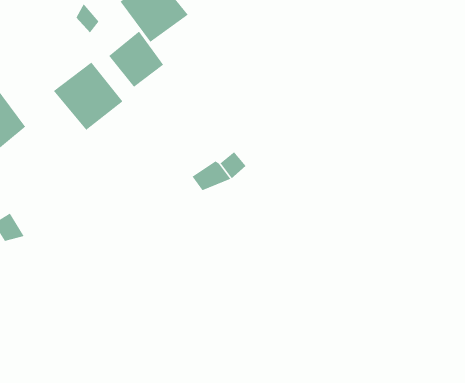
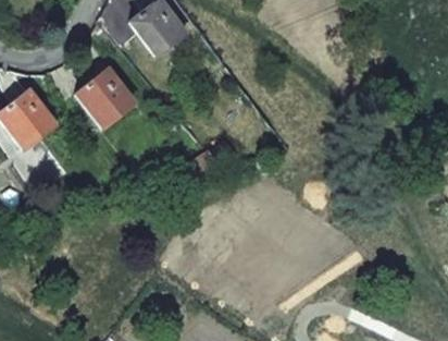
building: [108,31,164,88] -> none

